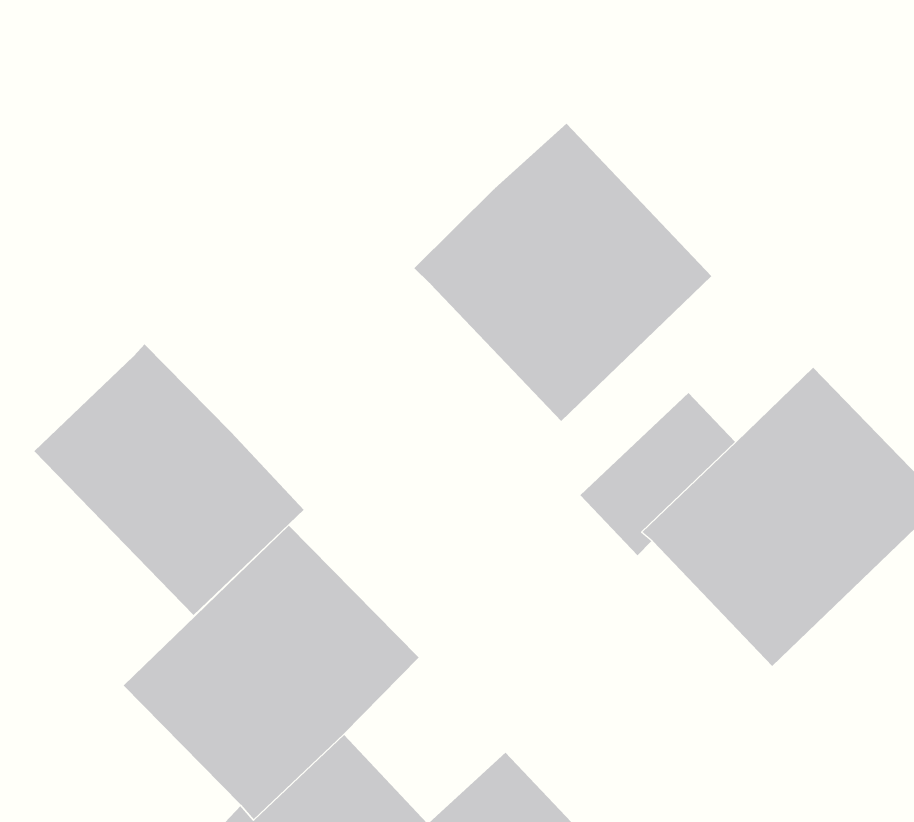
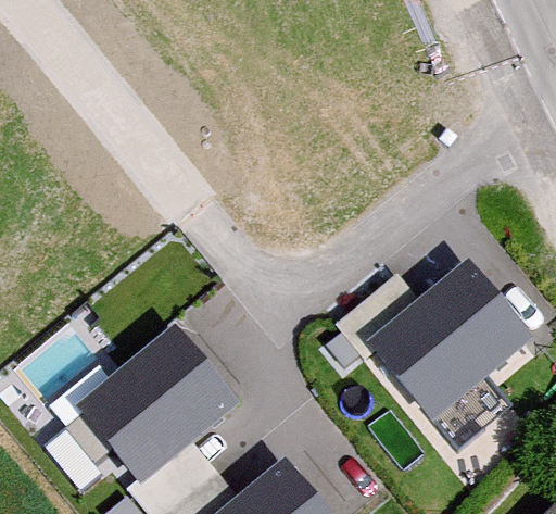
building: [413,123,712,422] -> none
building: [34,344,305,616] -> none

